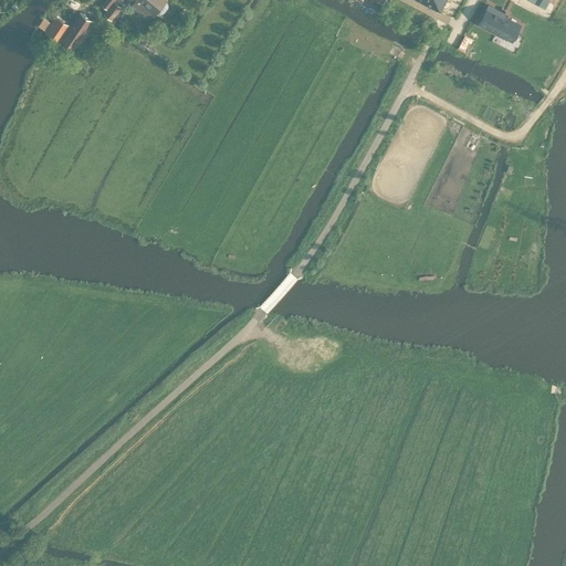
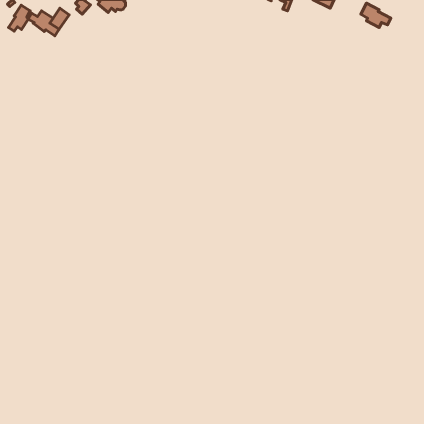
building: none -> [9,5,30,31]

